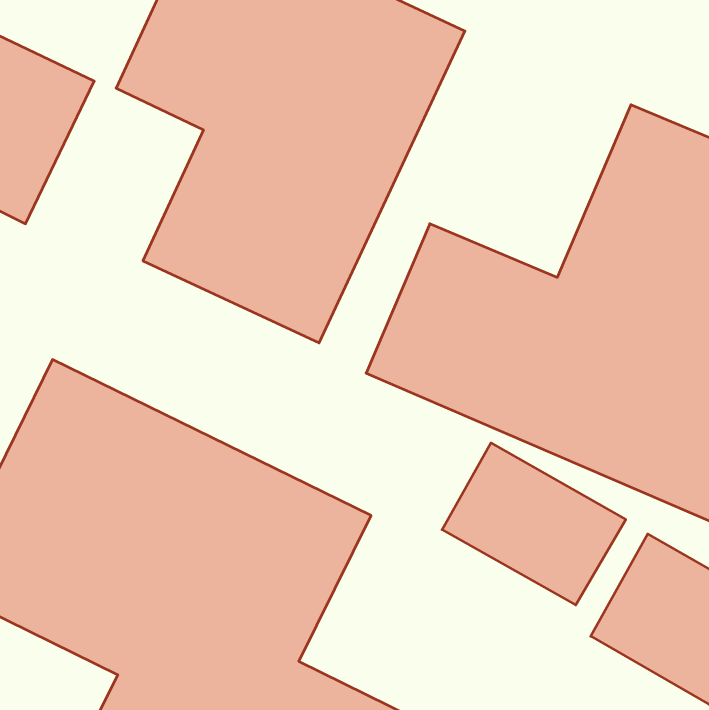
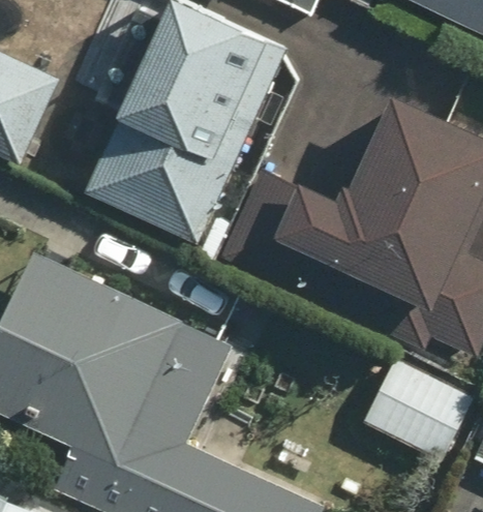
building: [442,443,626,605] -> none

